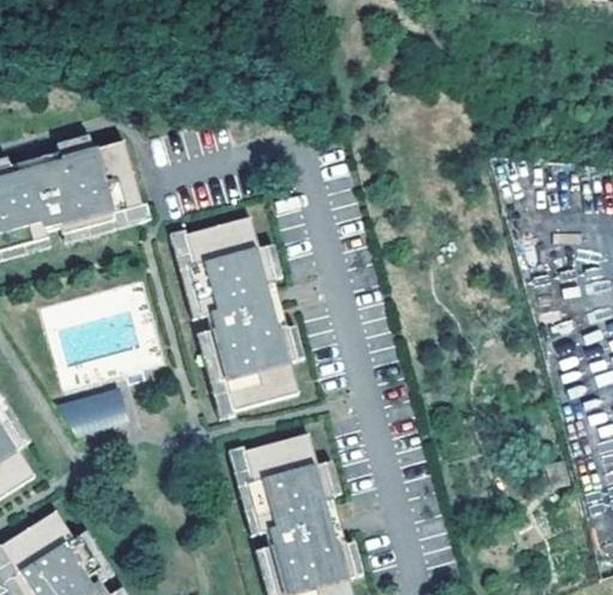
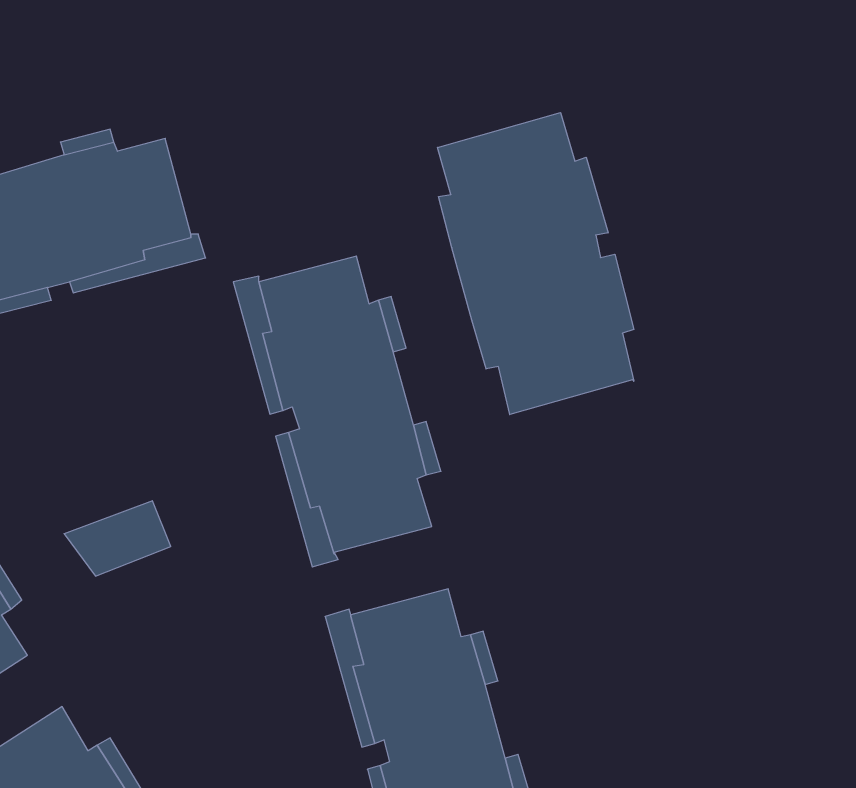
building: none -> [438,113,634,415]

